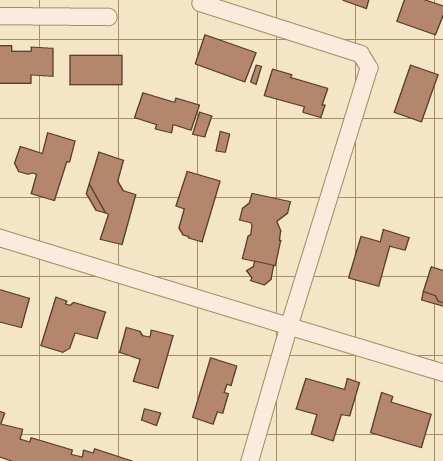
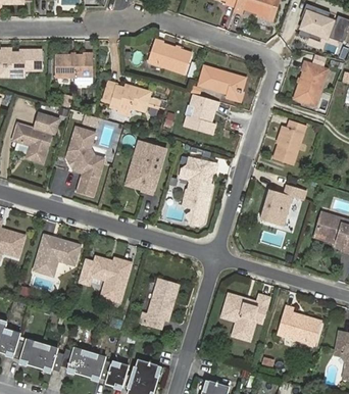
building: none -> [184,94,216,135]
building: none -> [273,119,305,164]

